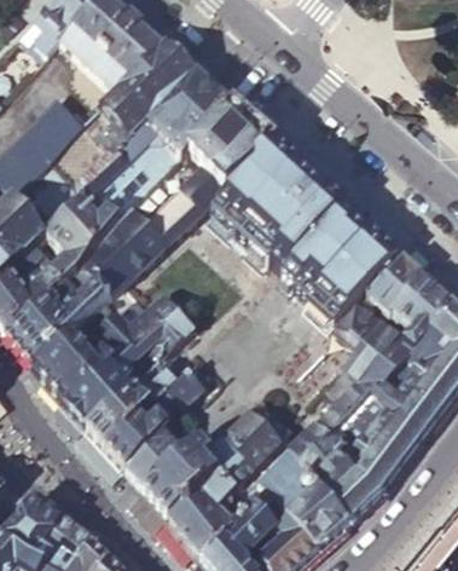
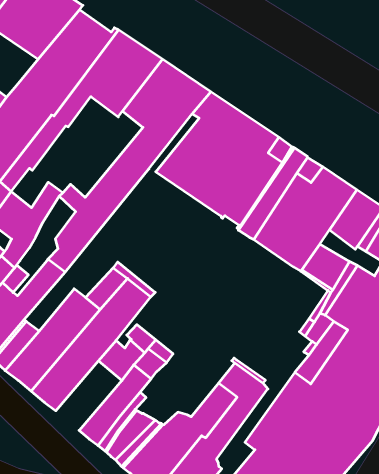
building: [95,131,184,218] -> none
building: [85,381,151,444] -> none

